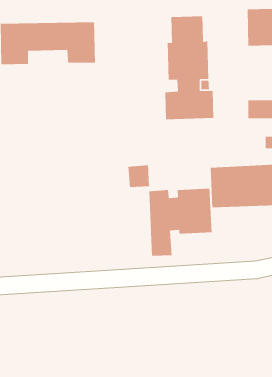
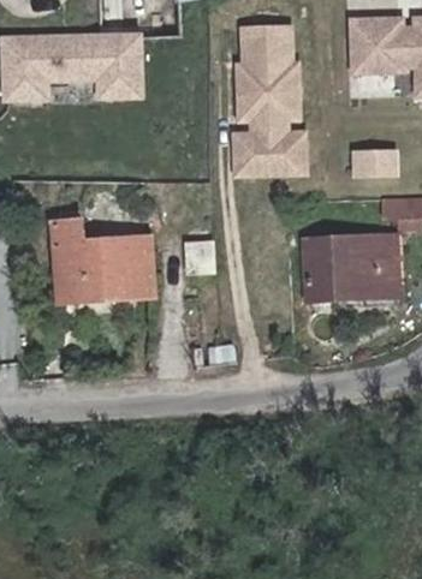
building: none -> [49,221,150,300]
building: [149,188,212,256] -> none

